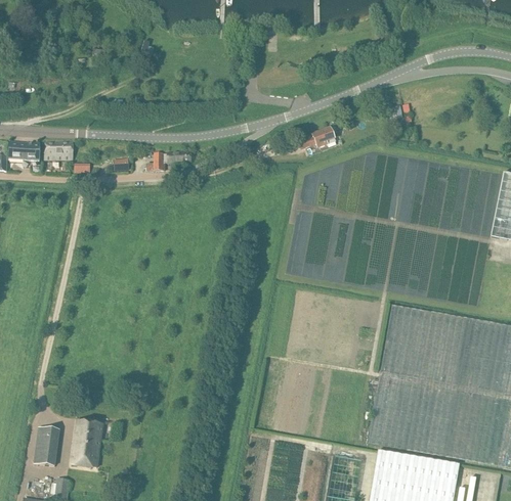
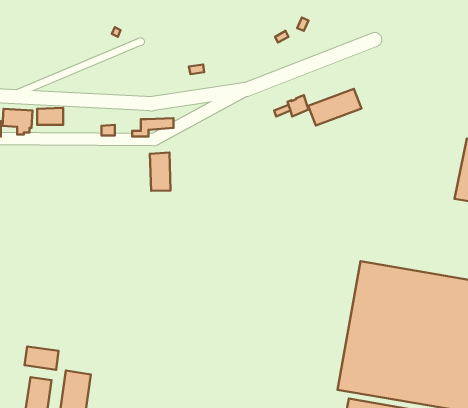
building: none -> [308,89,362,126]
building: none -> [150,152,171,191]
building: none -> [25,346,59,370]

